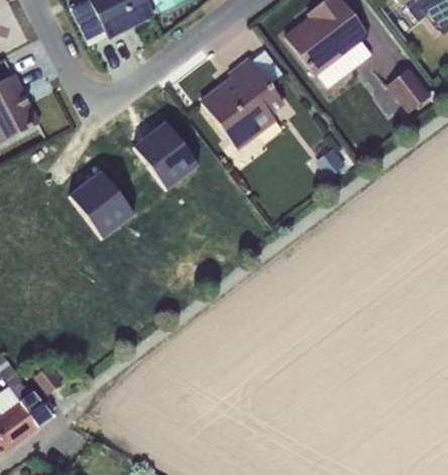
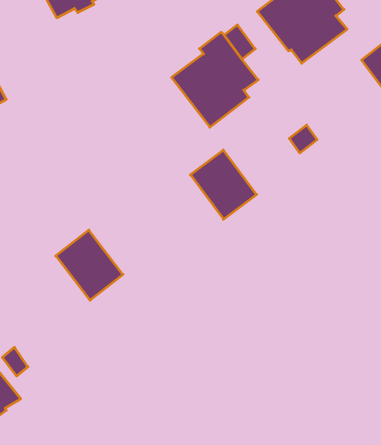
building: [133,121,198,189] -> [190,150,257,219]
building: [69,170,134,239] -> [56,230,123,300]

